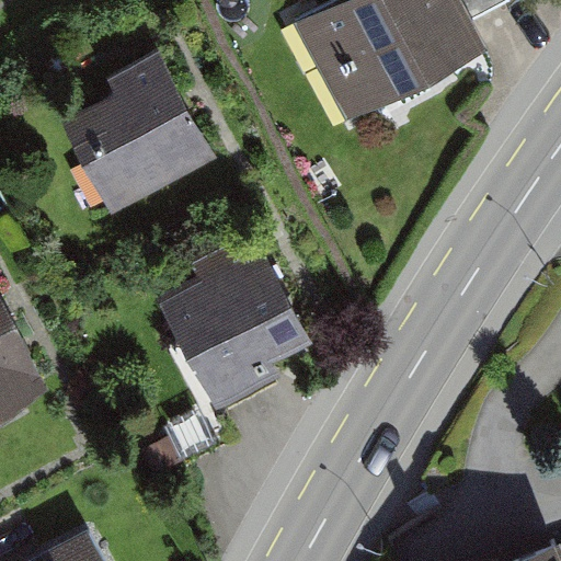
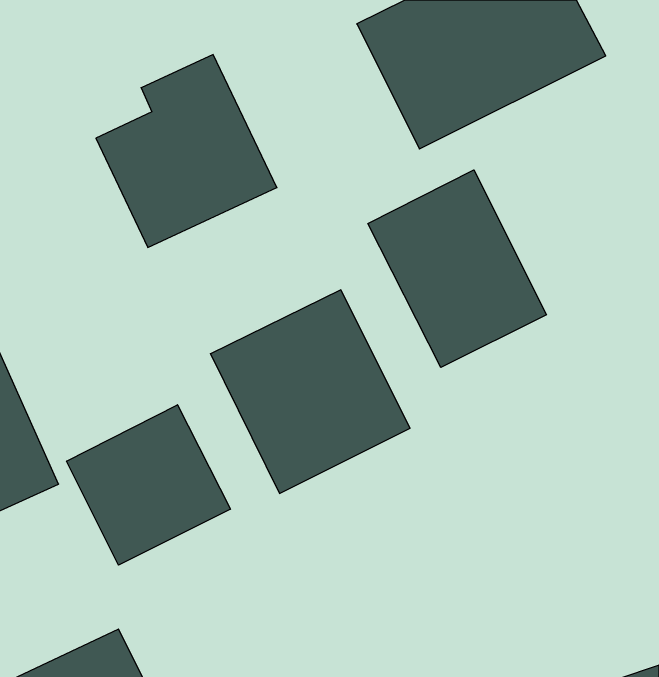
building: none -> [368,170,546,367]
building: none -> [67,405,230,565]

